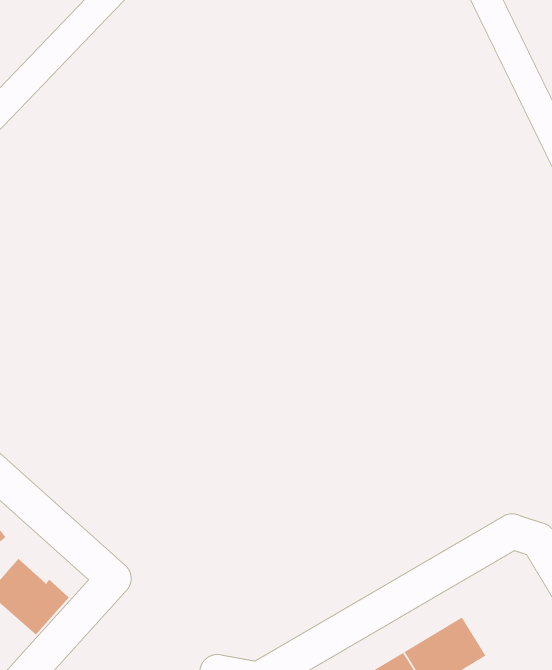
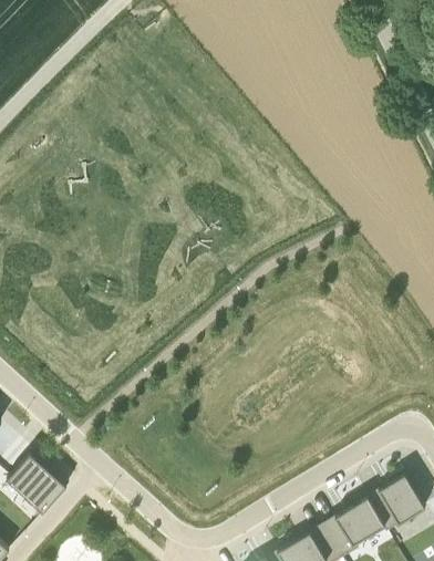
building: none -> [364,472,424,530]

